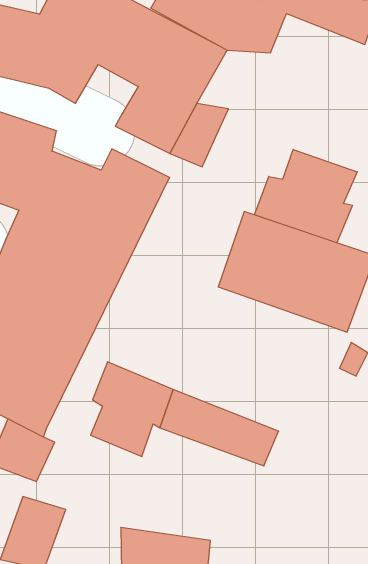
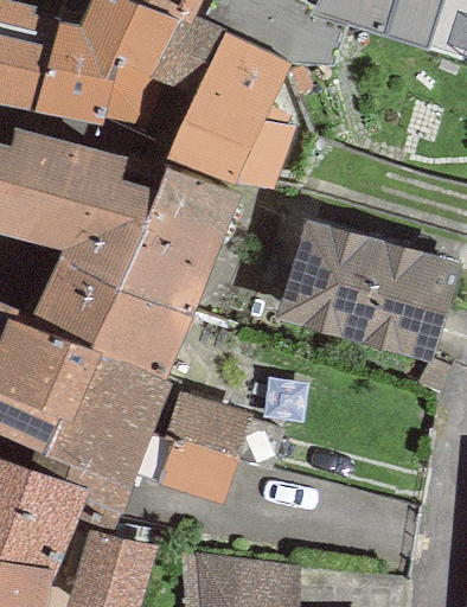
building: [254,149,357,243] -> none

